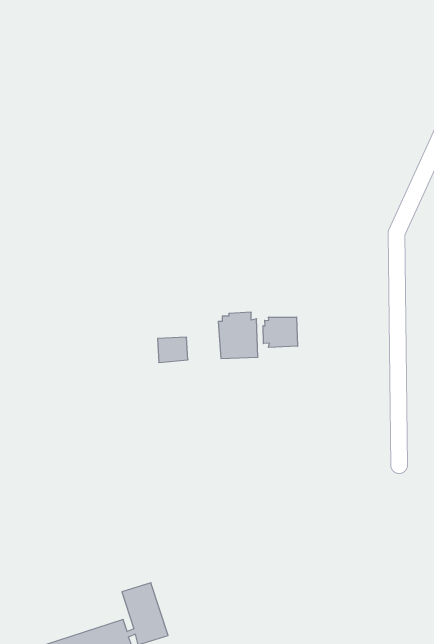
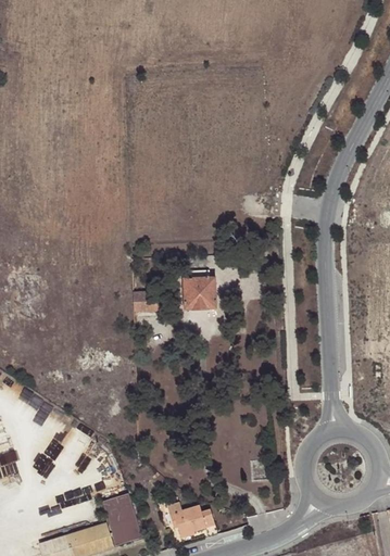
building: [263,317,298,347] -> none
building: none -> [167,503,215,536]

